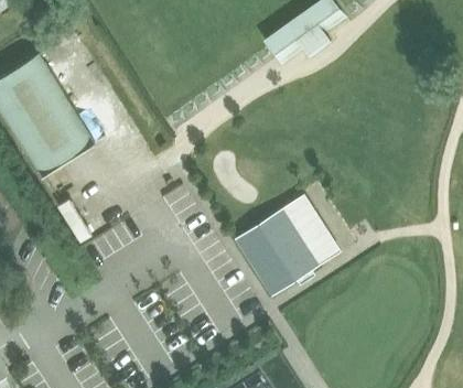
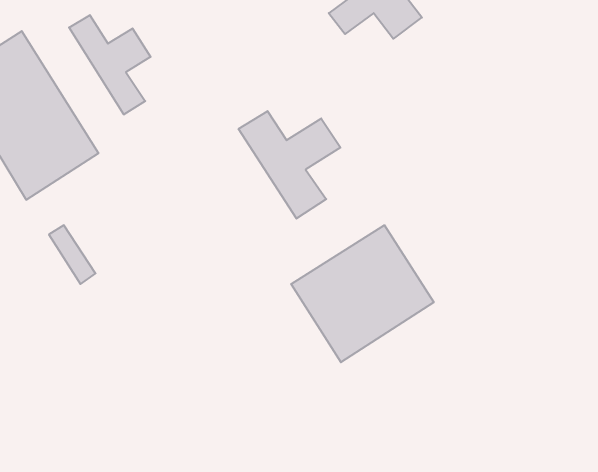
building: none -> [69,15,151,115]
building: none -> [239,111,340,219]

